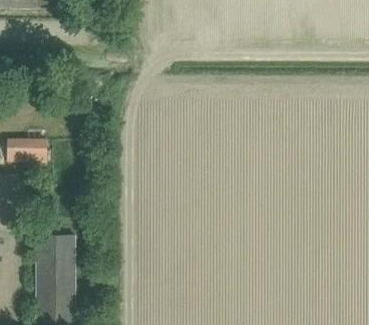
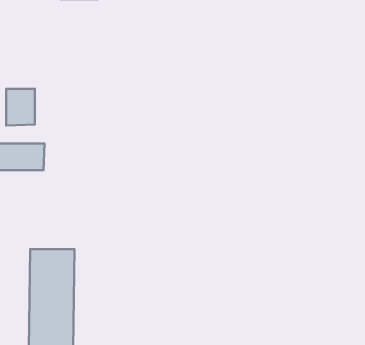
building: none -> [6,89,35,126]

